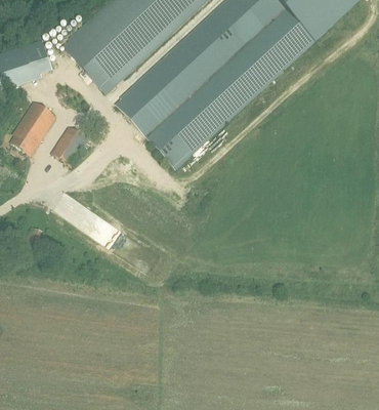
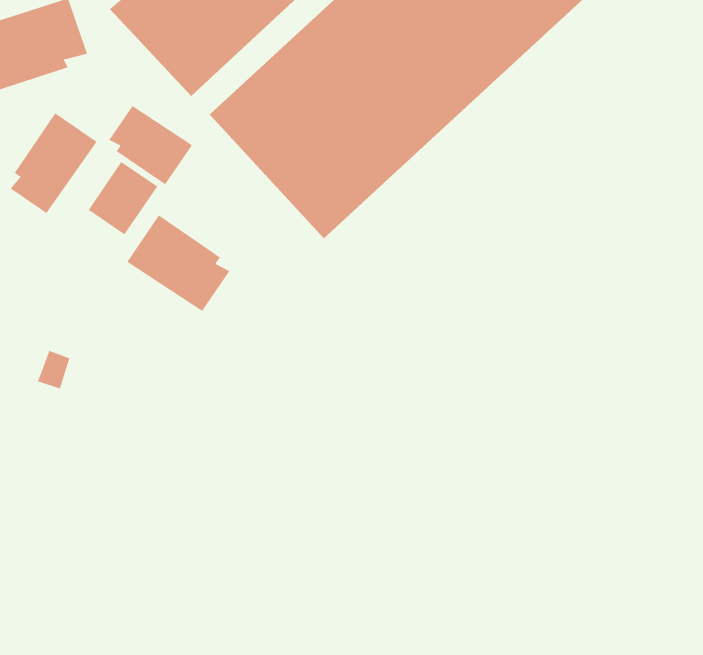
building: none -> [109,105,193,185]
building: none -> [126,215,230,312]

